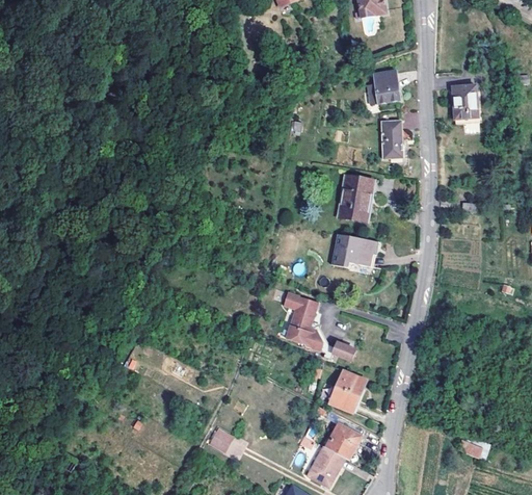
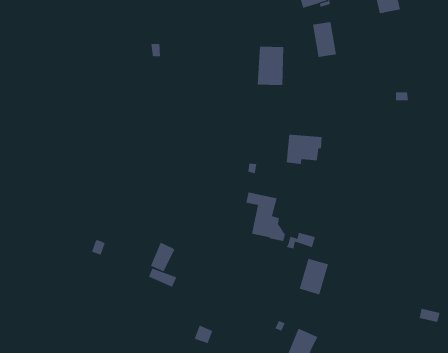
building: [340,176,374,222] -> [257,46,284,86]
building: none -> [150,242,175,272]
building: [327,420,364,460] -> none

